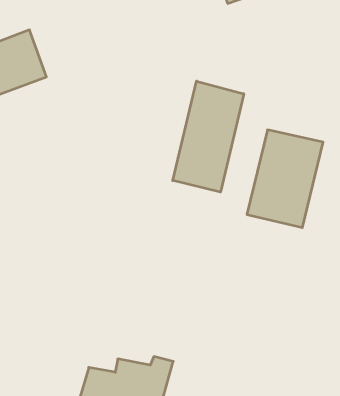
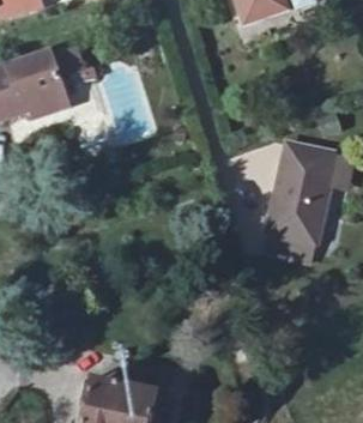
building: [173,81,244,192] -> none

